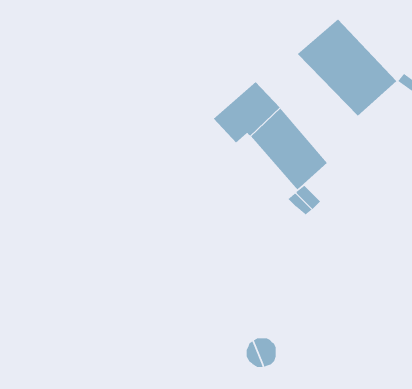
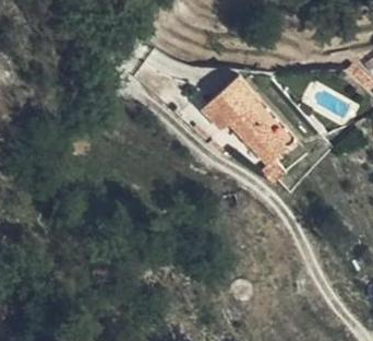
building: [297,18,397,117] -> none

